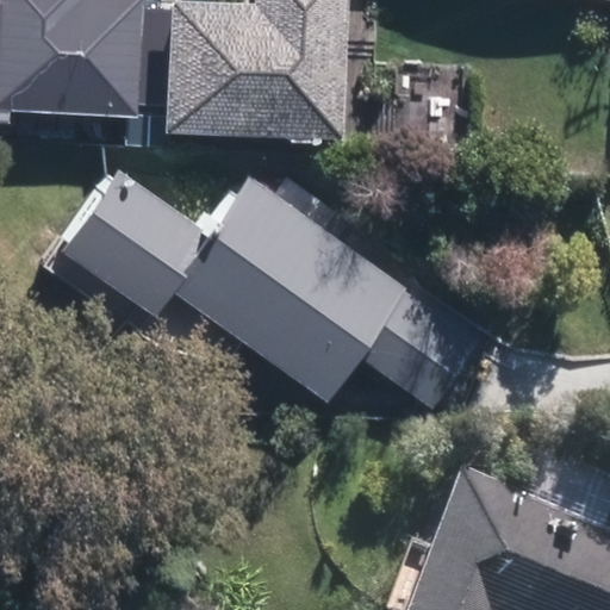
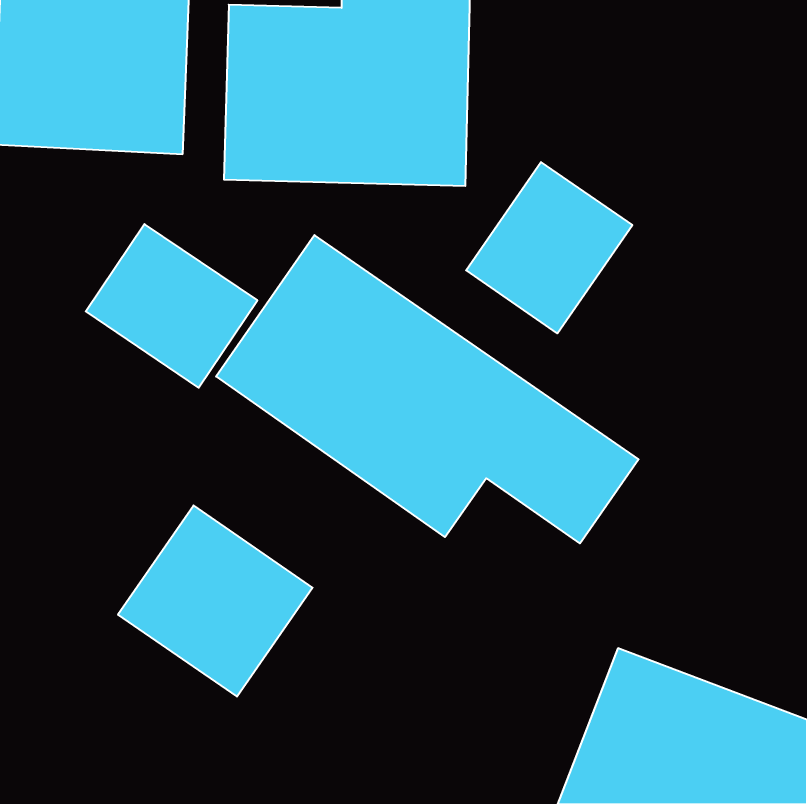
building: none -> [466,162,632,333]
building: none -> [118,505,313,697]

